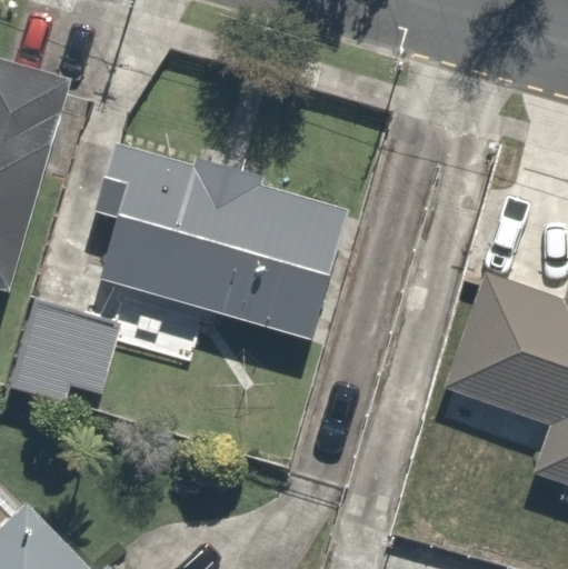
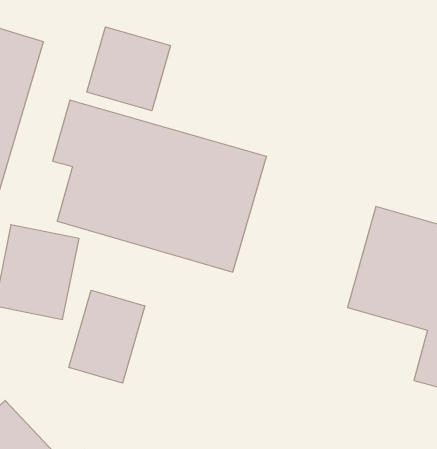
building: none -> [87,27,171,111]
building: none -> [69,290,145,383]

